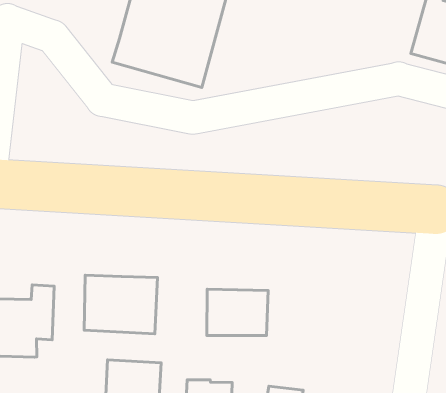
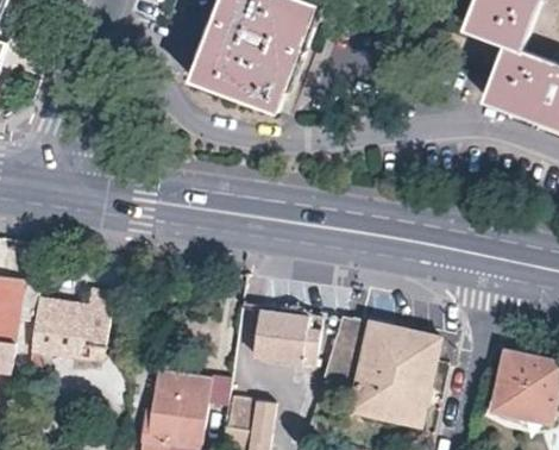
building: [84,275,158,334] -> none
building: none -> [324,315,439,424]

